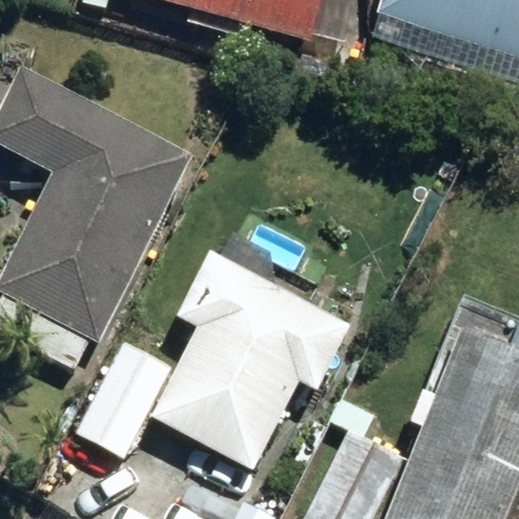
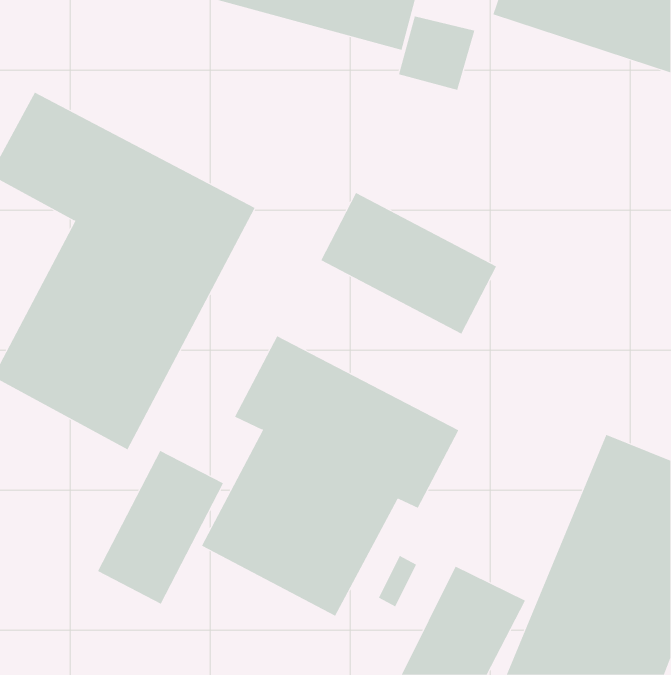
building: none -> [320,192,497,334]

